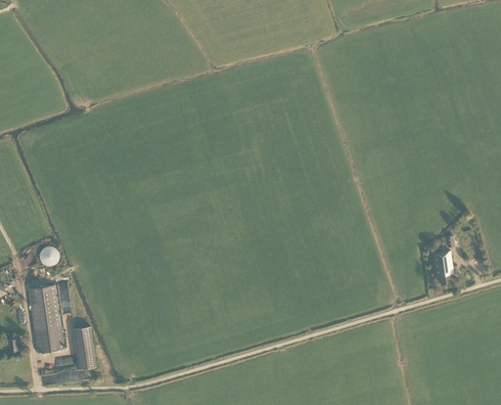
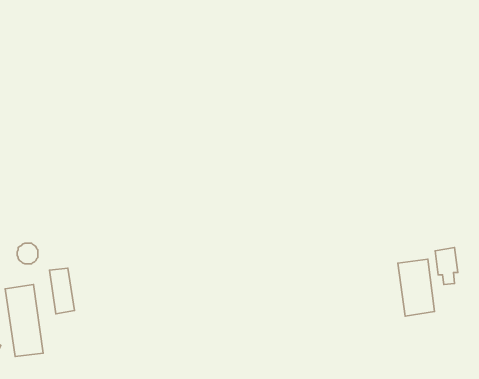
building: none -> [398,259,435,316]
building: [72,326,95,369] -> [49,268,74,314]

